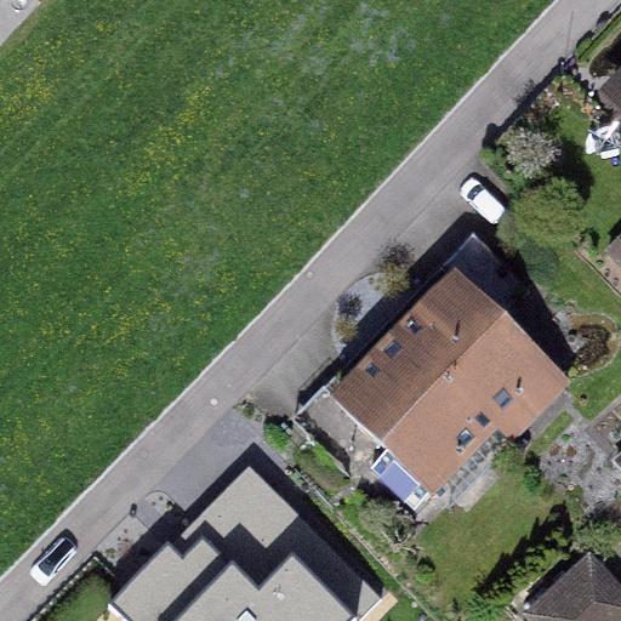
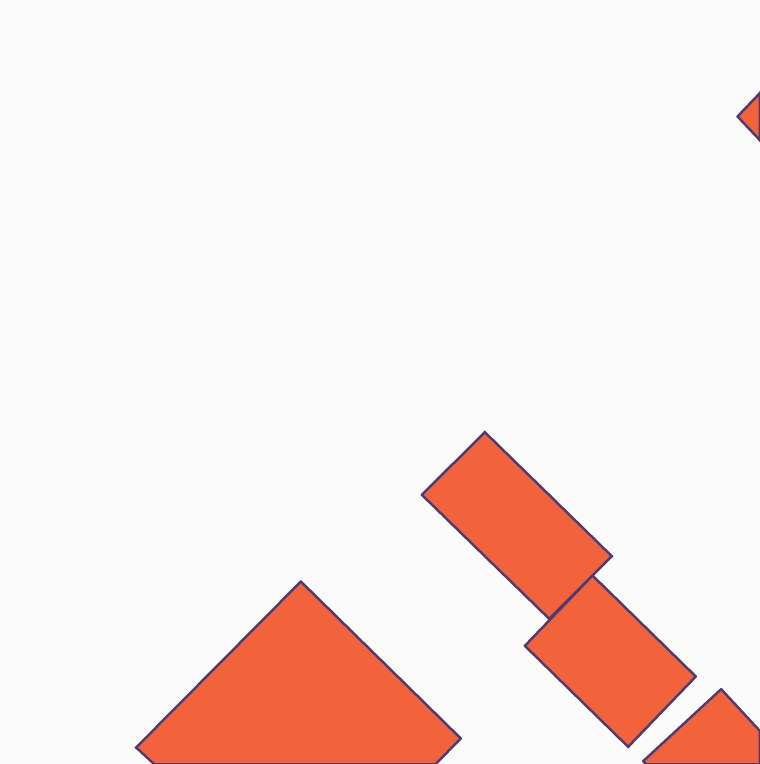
building: [393,298,547,451] -> none
building: none -> [525,576,696,747]

